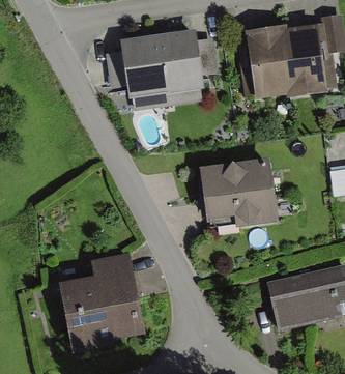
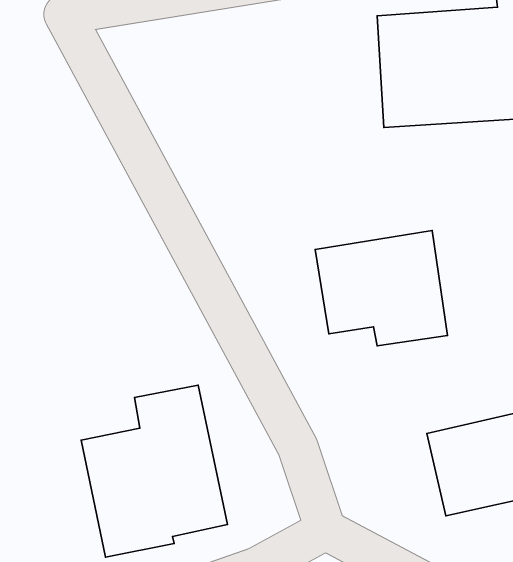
building: [111,33,218,99] -> none

